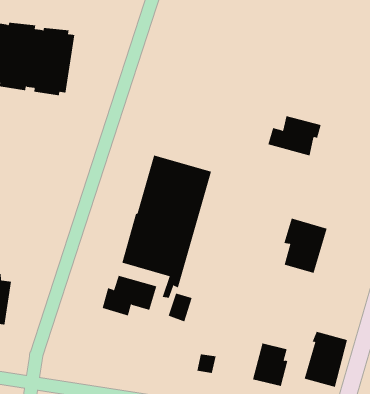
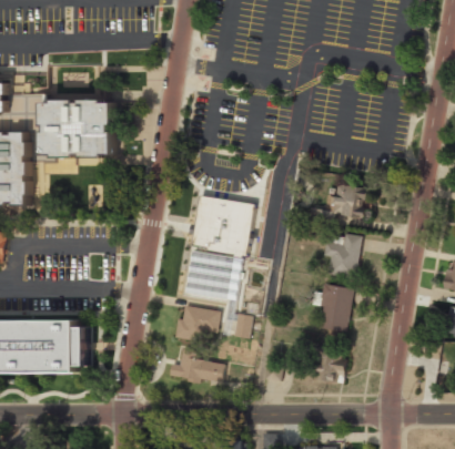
building: [267,116,321,156] -> [323,184,367,216]
building: none -> [168,348,223,382]
building: [304,331,348,387] -> [317,285,351,331]

